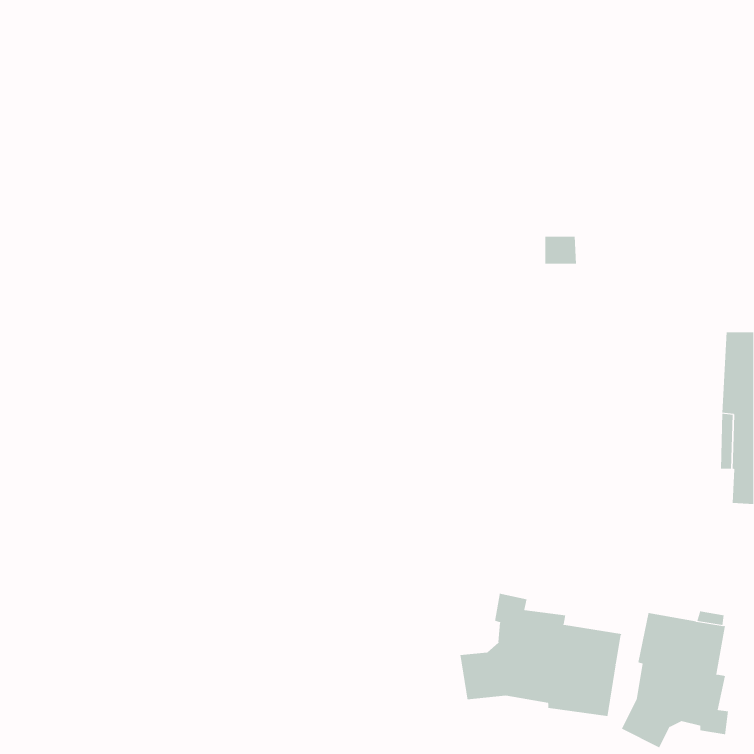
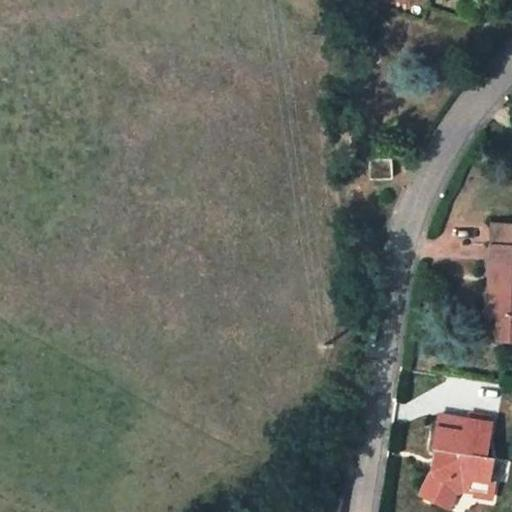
building: [460,593,622,717] -> none

